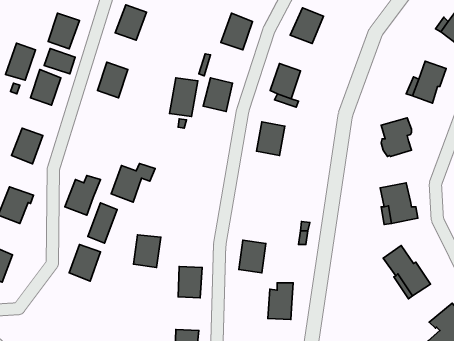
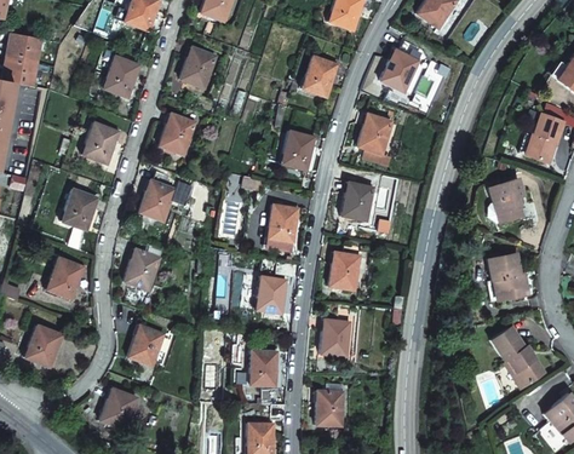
building: [5,43,36,80] -> none
building: [44,48,75,74] -> none
building: [170,78,198,117] -> [266,205,299,249]
building: [111,163,155,202] -> [137,178,188,223]
building: none -> [332,245,381,291]
building: [88,203,117,243] -> none
building: [133,235,161,267] -> [257,277,288,315]
building: [268,283,293,320] -> [317,385,346,427]
building: none -> [99,389,134,431]

